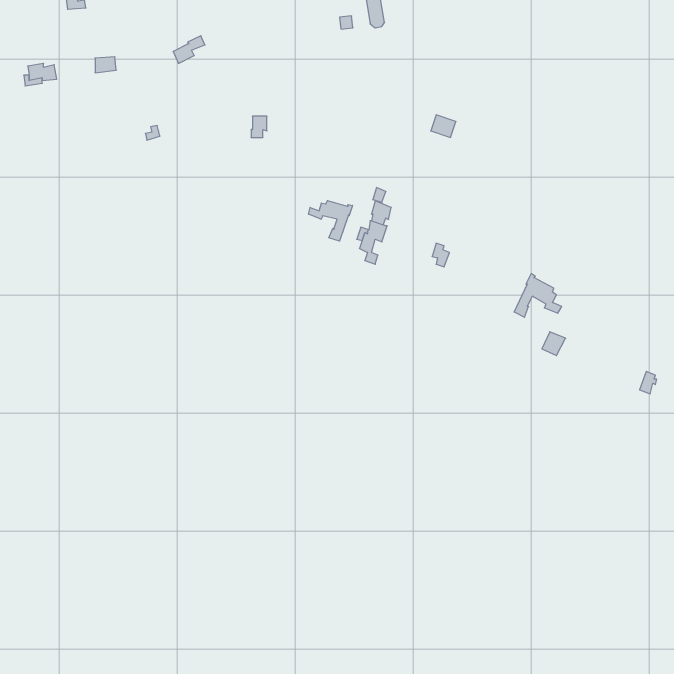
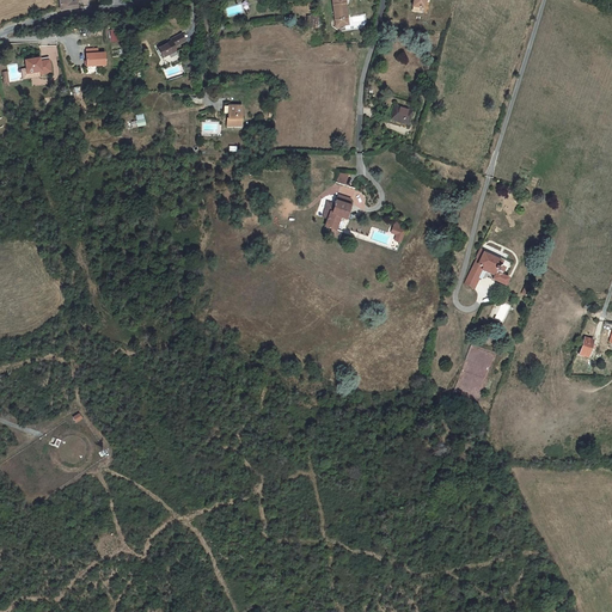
building: [309,201,352,241] -> none

